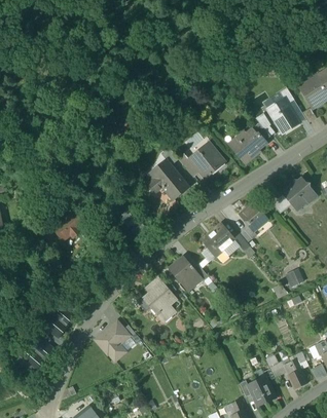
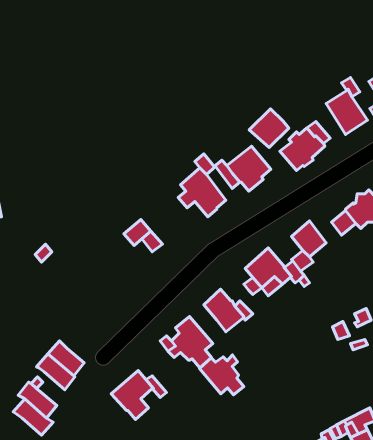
building: none -> [249,109,289,148]
building: [56,213,83,239] -> none
building: none -> [199,355,244,395]

